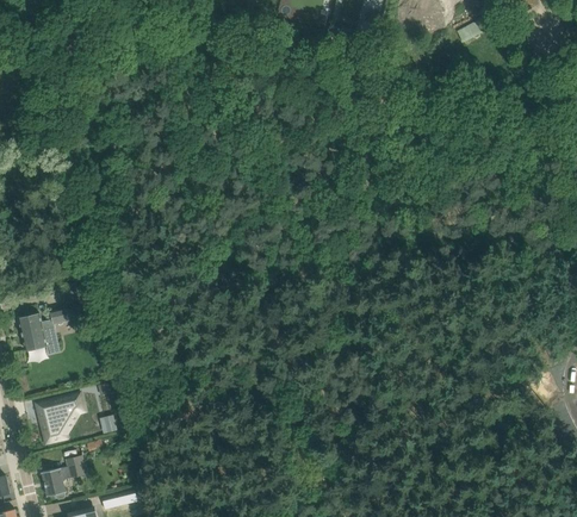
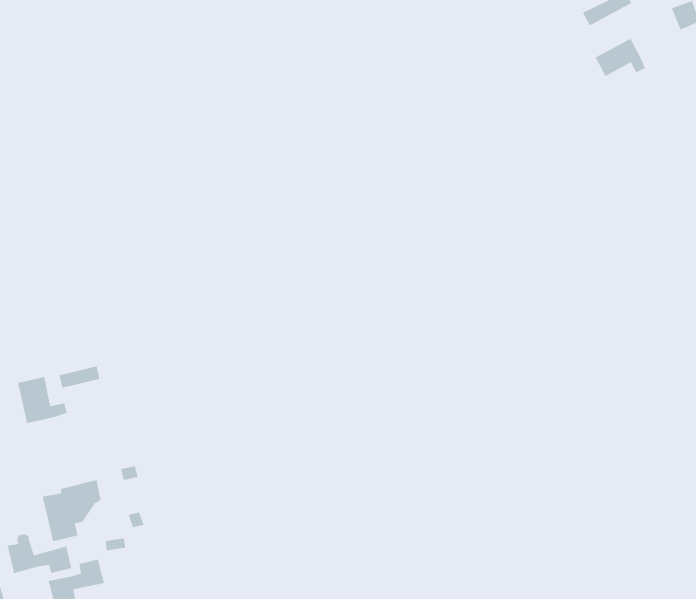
building: none -> [594,38,646,77]
building: none -> [7,533,72,574]

